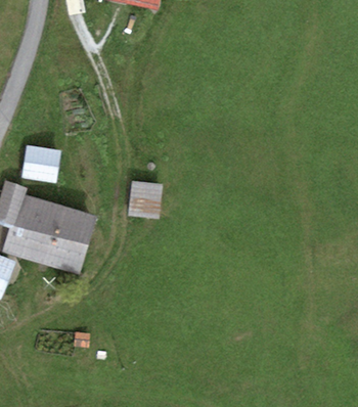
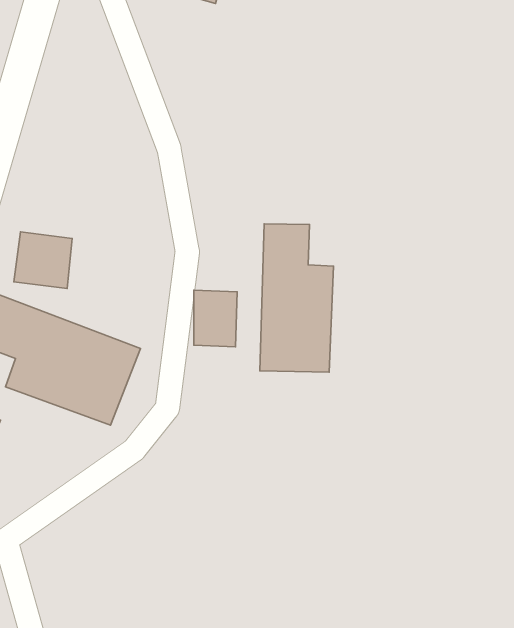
building: none -> [260,224,333,372]

